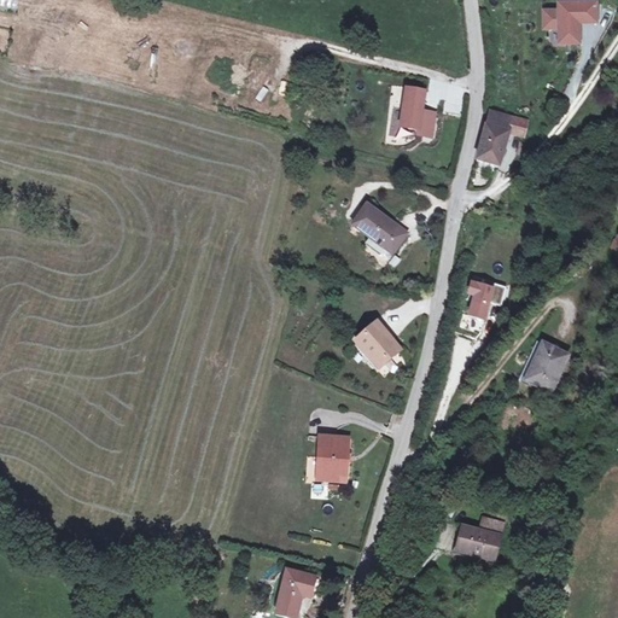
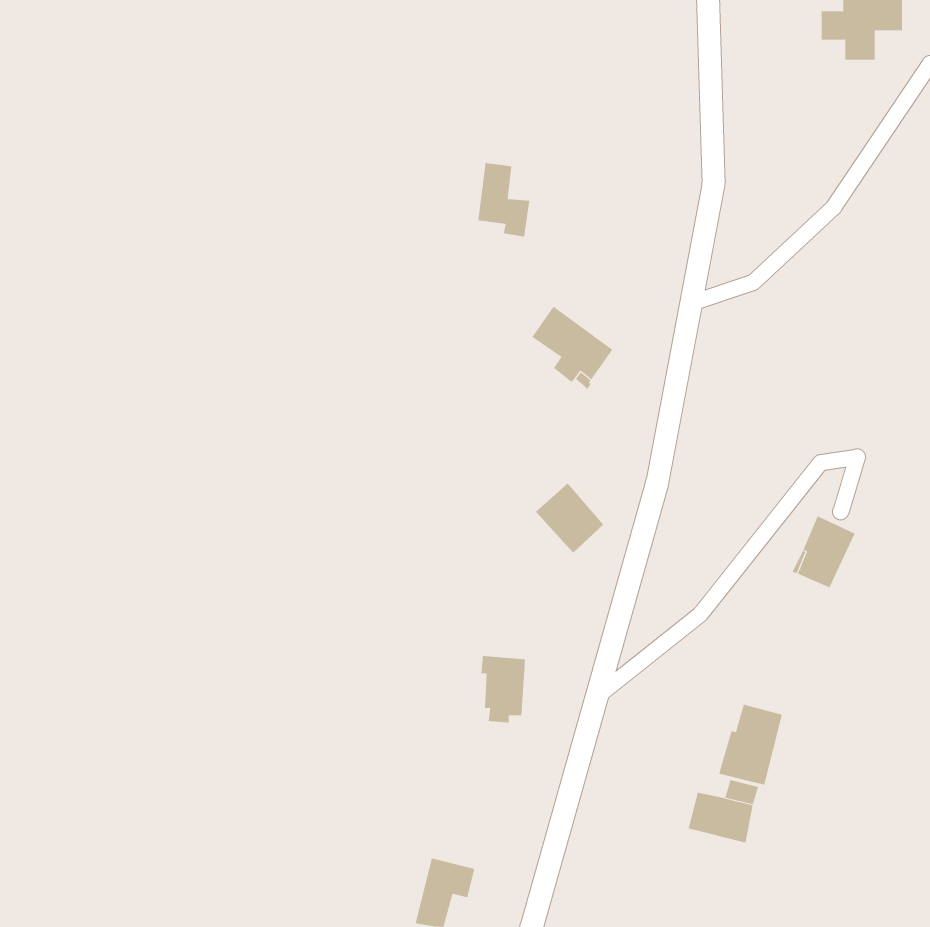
building: [401,86,436,135] -> [477,162,530,237]
building: [477,110,527,164] -> none
building: [467,280,505,317] -> none
building: none -> [719,704,782,785]

